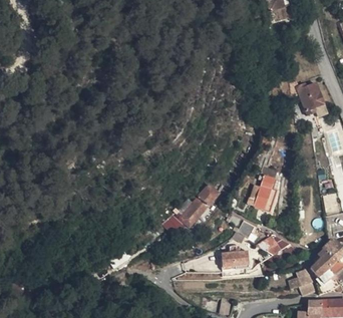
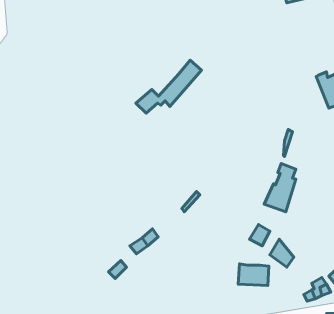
building: [164,186,223,233] -> [136,60,201,113]

